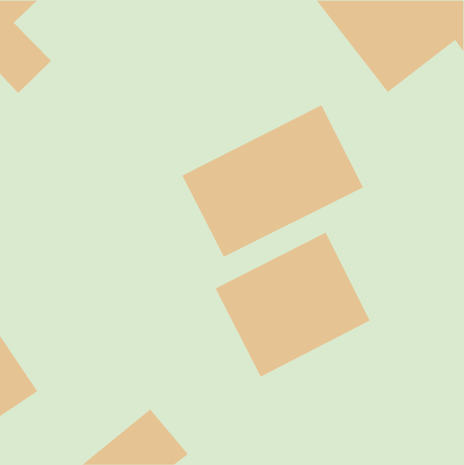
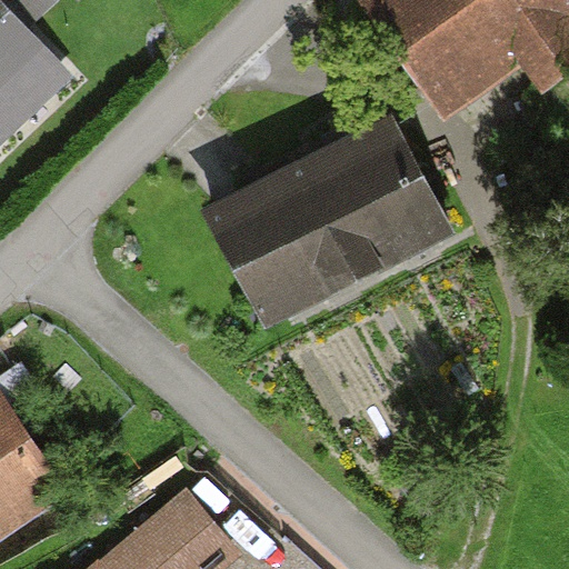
building: [215,232,371,377] -> none

